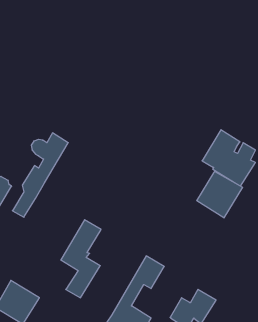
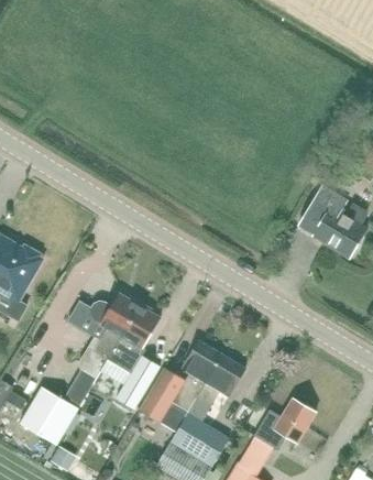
building: [12,133,68,217] -> [64,292,139,405]
building: [197,171,243,218] -> none
building: none -> [138,339,221,433]

